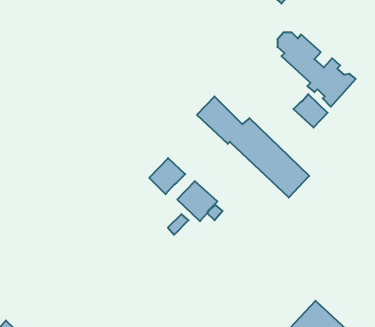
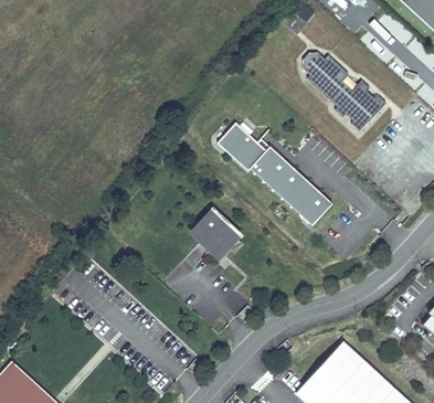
building: [293,94,328,128] -> none
building: [149,158,185,194] -> none

